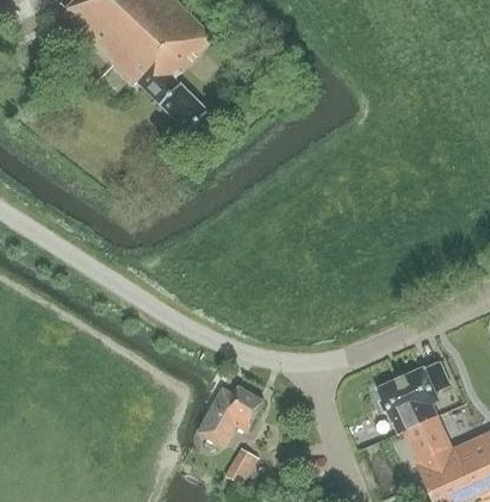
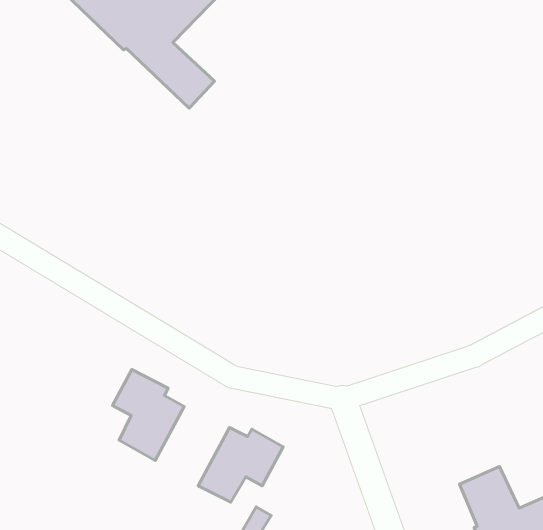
building: none -> [112,370,184,461]
building: [377,359,451,432] -> none

